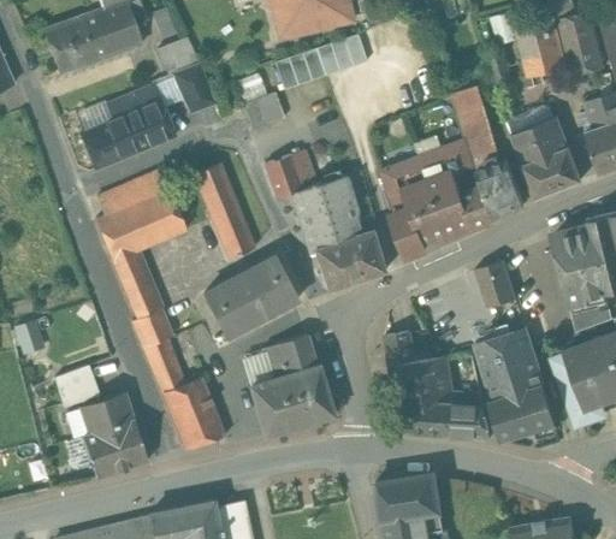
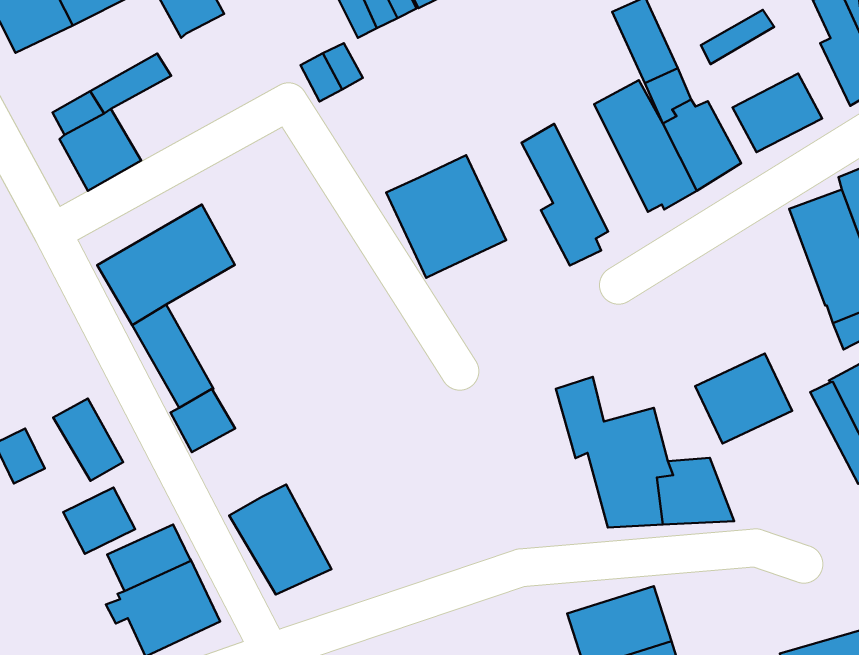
building: [172,64,215,114] -> none
building: [117,100,173,153] -> none
building: [513,117,569,166] -> none
building: [265,150,313,199] -> none
building: [405,153,460,237] -> none
building: [195,164,256,256] -> none
building: [96,168,168,214] -> none
building: [316,231,386,288] -> none
building: [203,256,297,337] -> none
building: [475,261,516,308] -> none
building: [250,334,333,436] -> none
building: [142,338,184,392] -> [53,399,123,481]
building: [490,369,555,439] -> none

